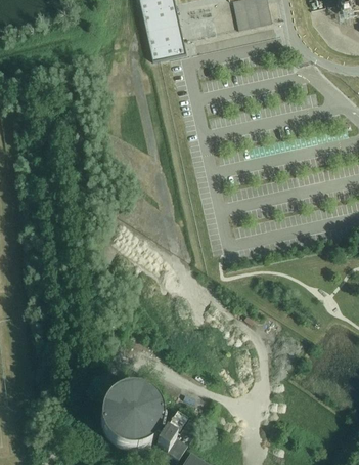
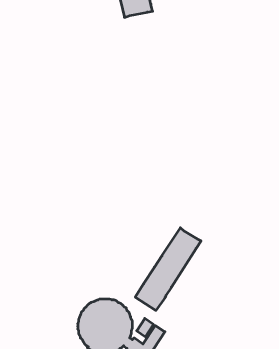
building: none -> [135,228,201,310]

